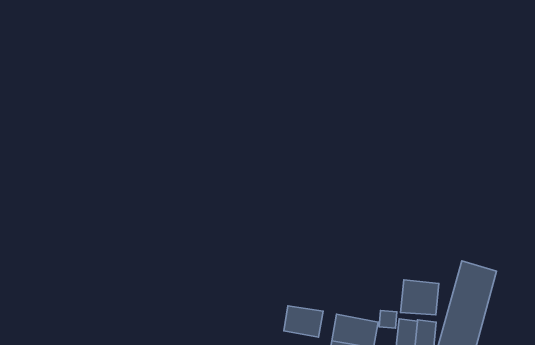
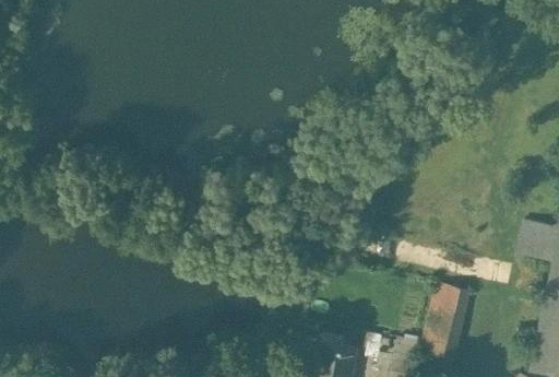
building: [400,280,439,315] -> none
building: [284,306,323,337] -> none

